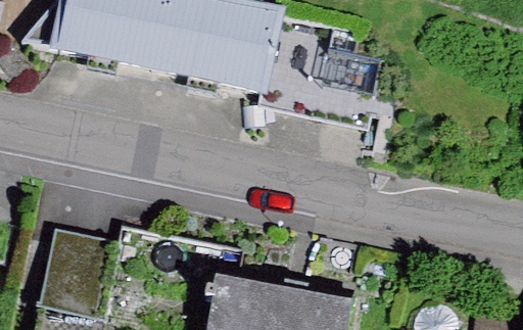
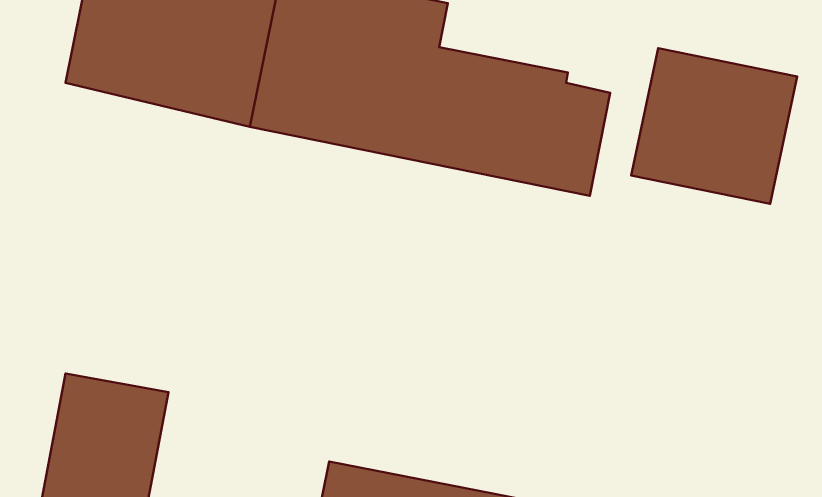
building: none -> [631,48,797,204]

